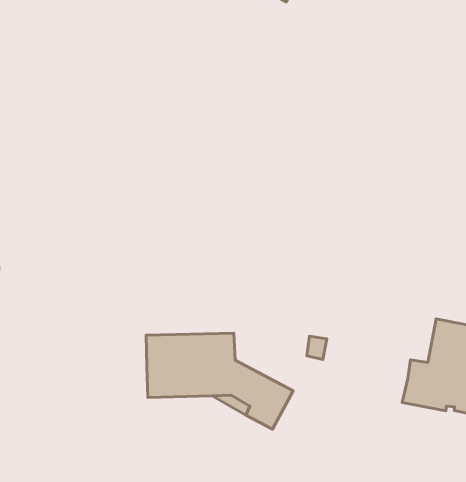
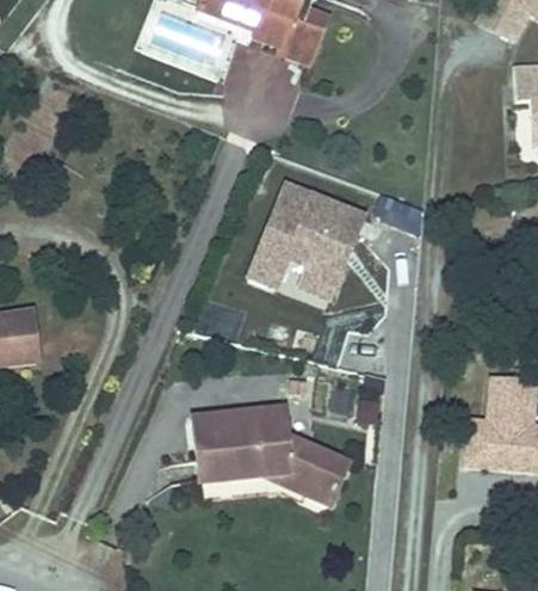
building: none -> [249,187,369,310]

